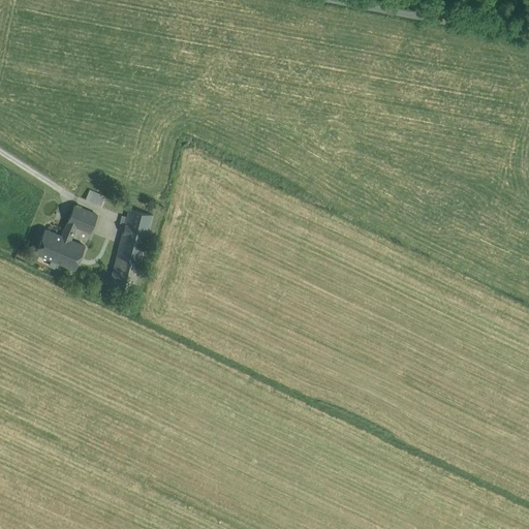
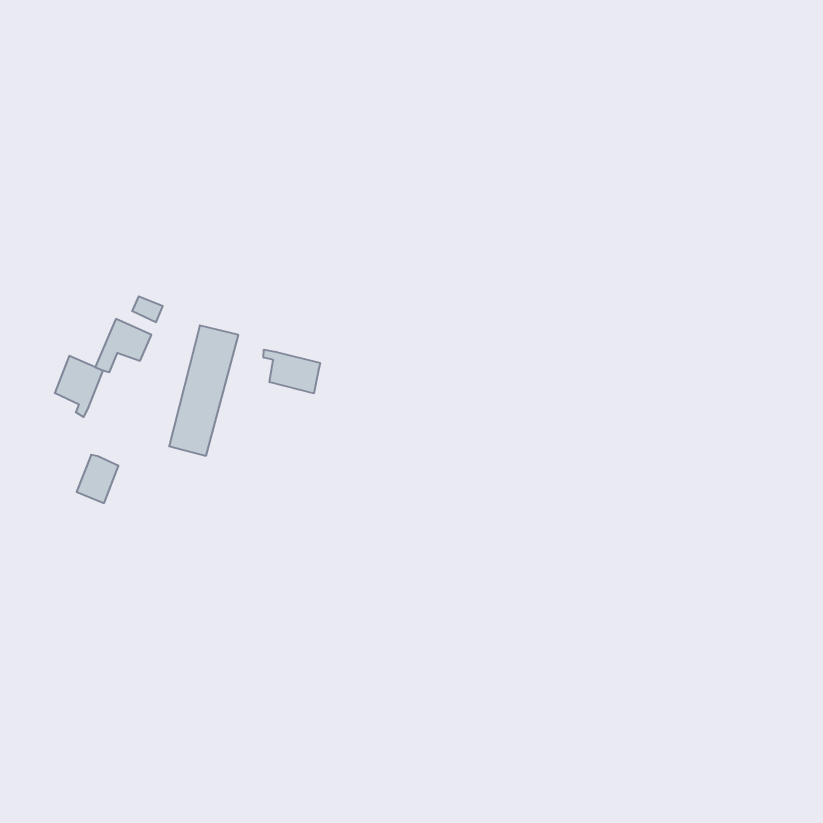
building: none -> [264,350,320,393]
building: [57,238,84,269] -> [77,455,119,503]

